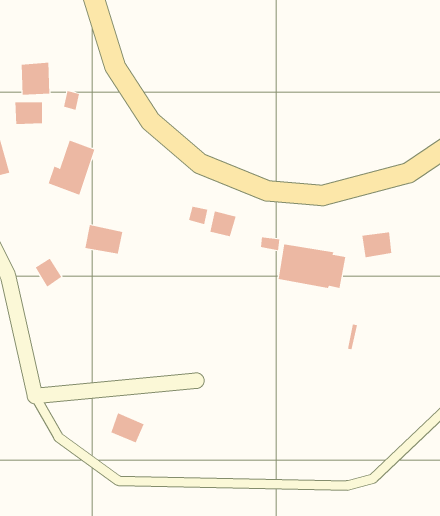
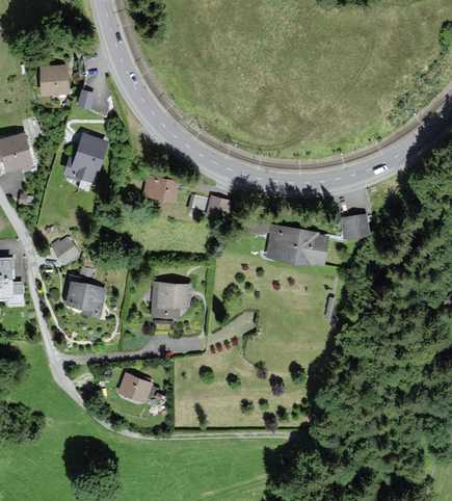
building: [15,102,42,125] -> none
building: [84,225,123,254] -> [144,176,179,202]
building: none -> [64,275,106,316]
building: none -> [153,283,191,317]

